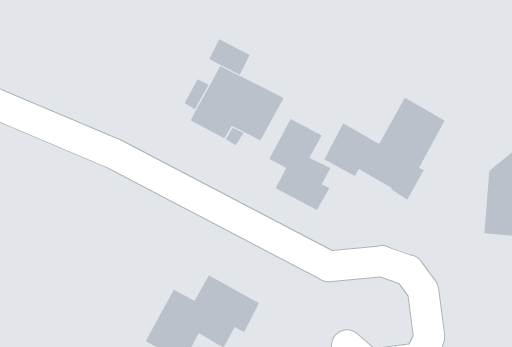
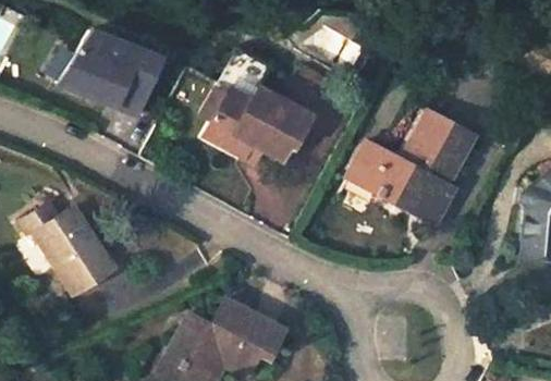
building: none -> [57,33,160,118]
building: [269,118,331,211] -> none
building: none -> [28,200,117,287]

